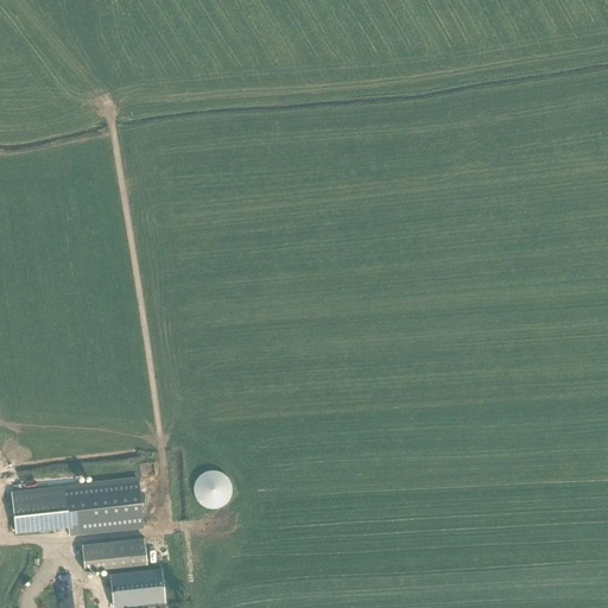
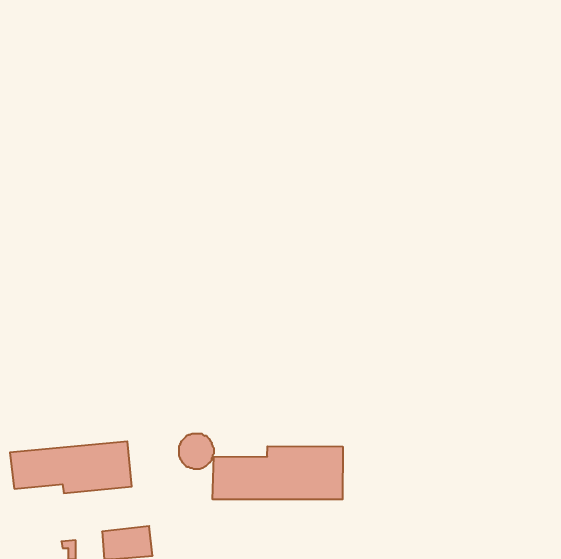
building: none -> [213,446,343,499]
building: [81,537,146,569] -> none

